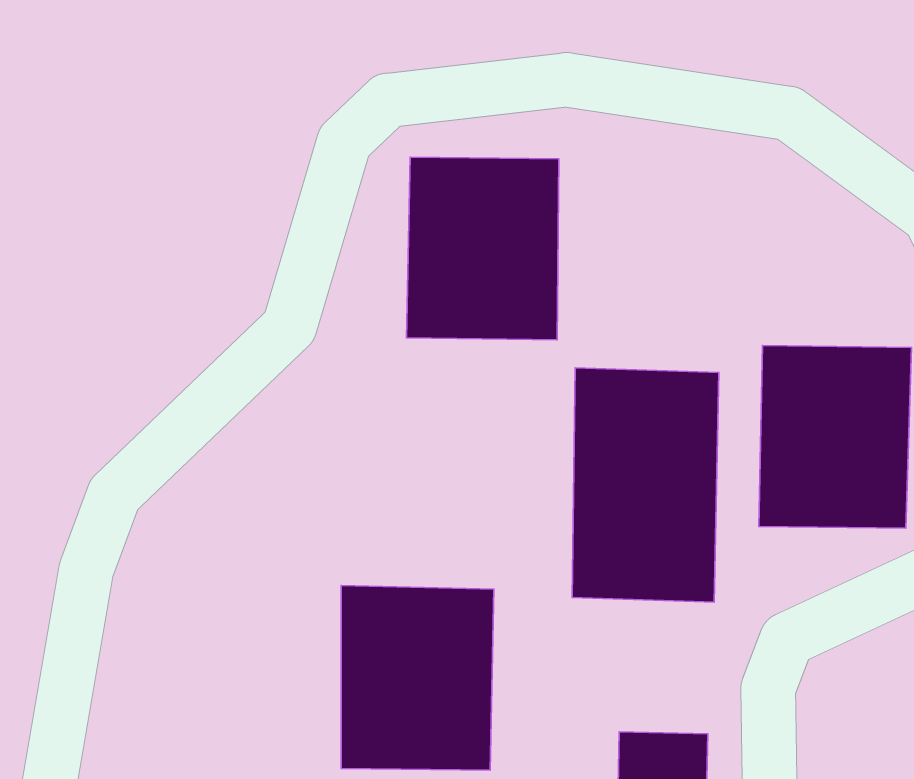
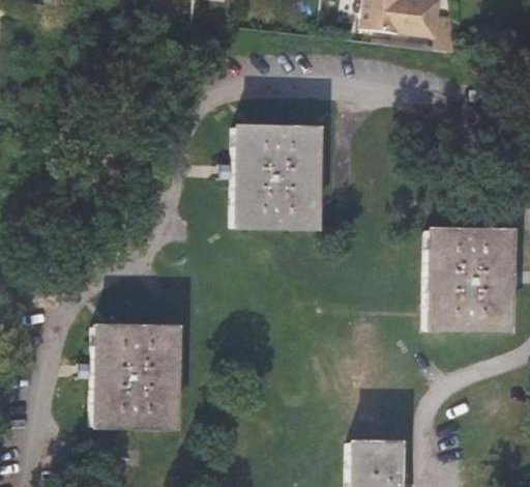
building: [572,368,719,602] -> none
building: [341,586,494,770] -> [96,324,180,426]

